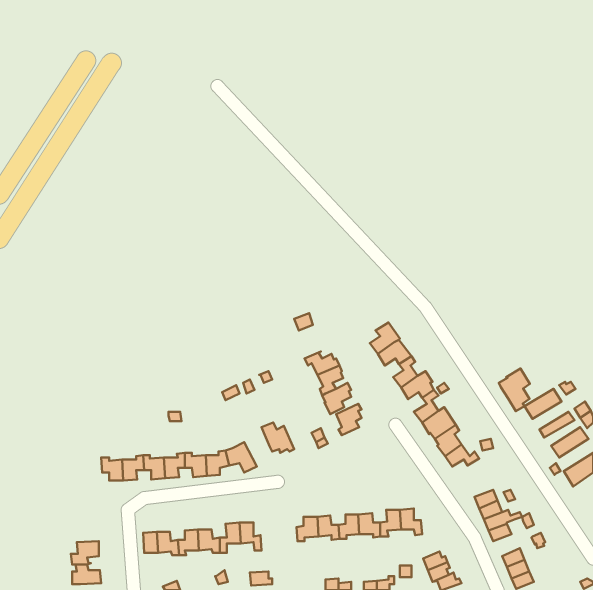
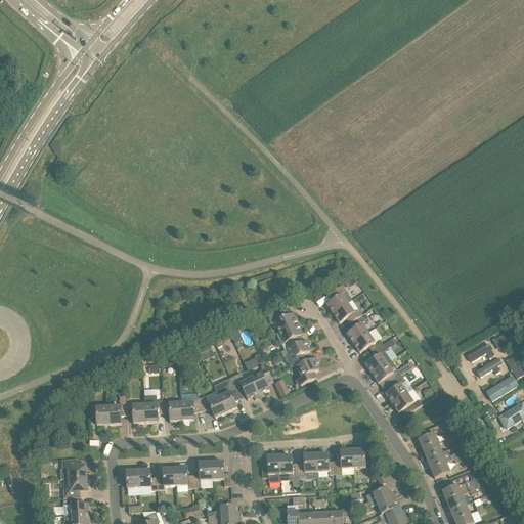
building: [499,368,530,411] -> none
building: none -> [247,352,272,395]
building: none -> [215,381,239,410]
building: none -> [61,456,87,477]

